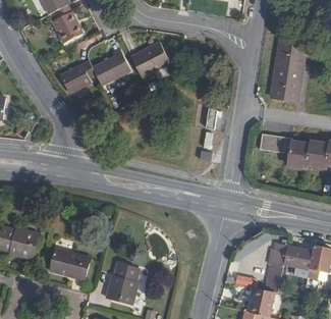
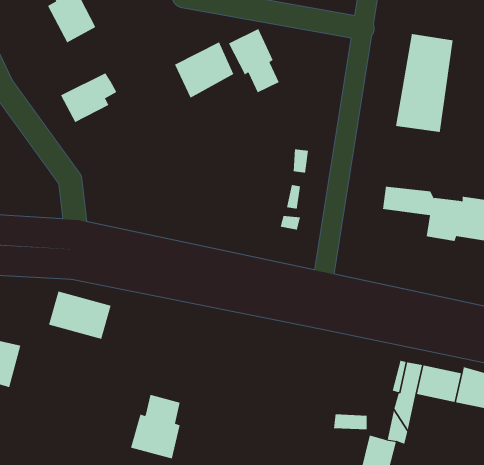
building: none -> [228,28,280,93]
building: [92,48,131,87] -> none
building: [48,249,88,279] -> [48,291,112,339]

